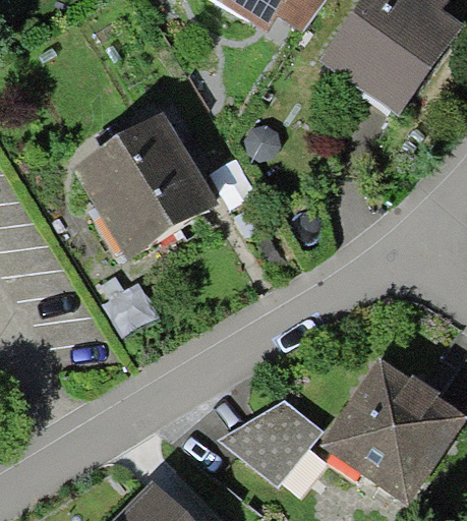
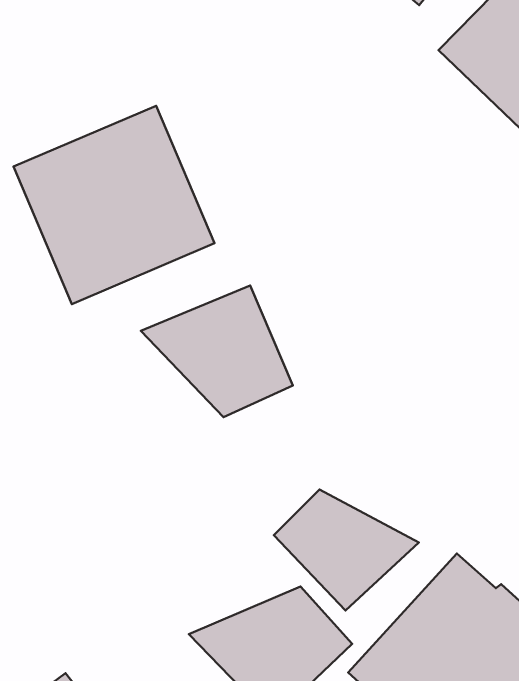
building: none -> [141,286,293,417]
building: none -> [274,490,419,611]

